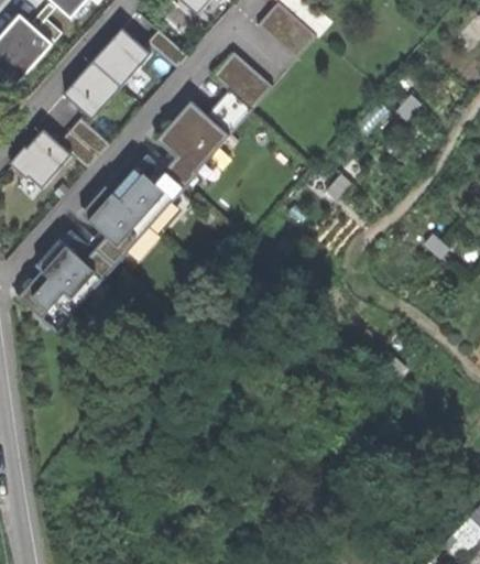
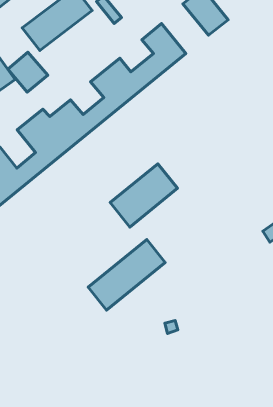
building: none -> [110,164,178,227]
building: none -> [88,239,165,310]

